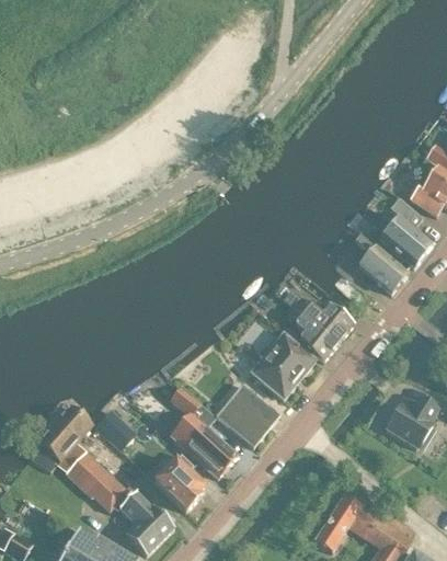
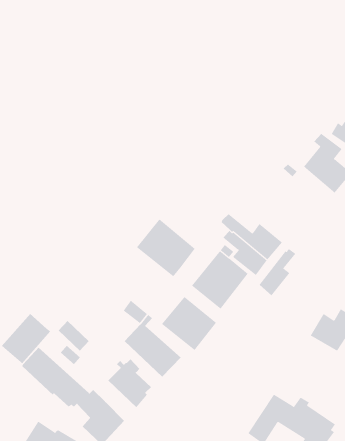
building: [358,245,409,295] -> none
building: none -> [136,219,196,277]
building: none -> [259,248,296,296]

